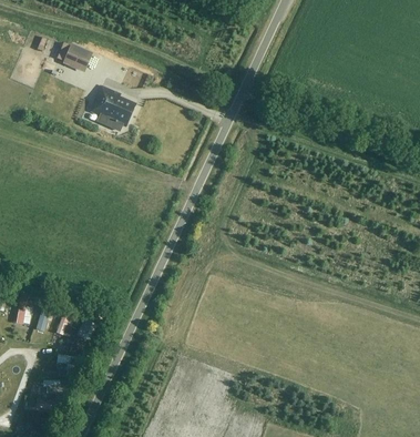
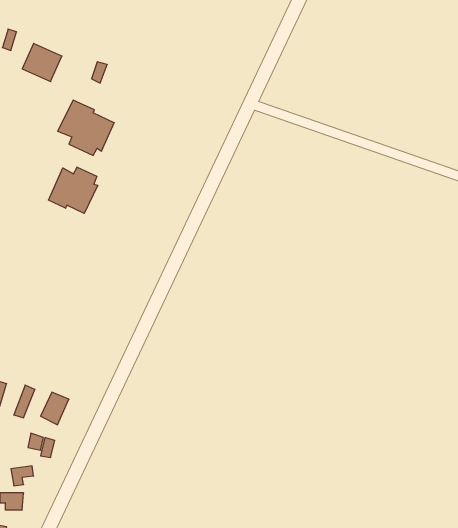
building: none -> [48,167,98,213]

